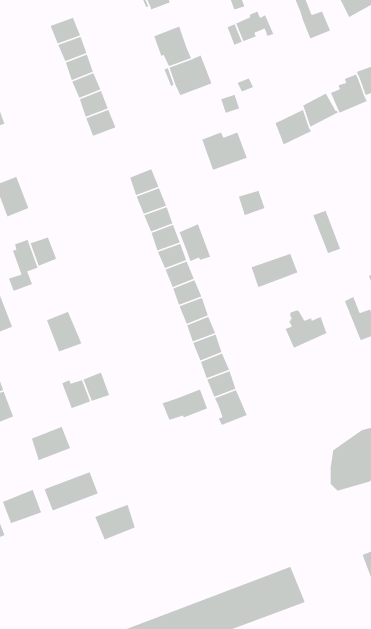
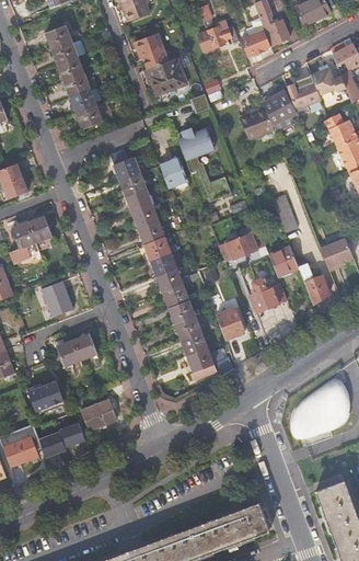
building: none -> [241,28,270,56]
building: [178,223,211,262] -> [160,158,188,192]
building: none -> [270,249,300,279]
building: none -> [217,308,245,341]
building: [162,388,208,421] -> none
building: [94,504,136,541] -> [80,399,116,431]

